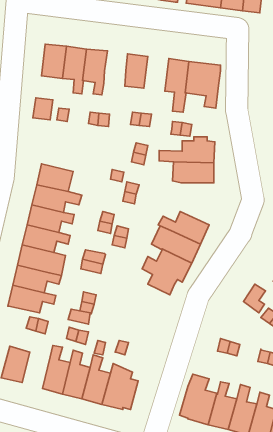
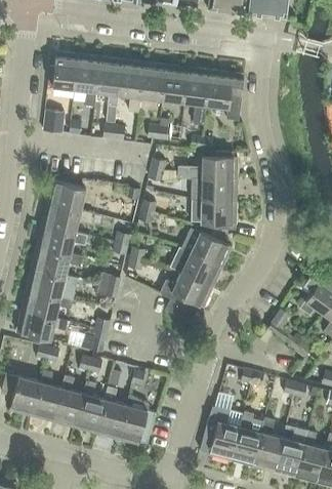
building: none -> [118,59,143,112]
building: none -> [161,66,188,103]
building: none -> [192,199,236,230]
building: none -> [31,370,60,421]

